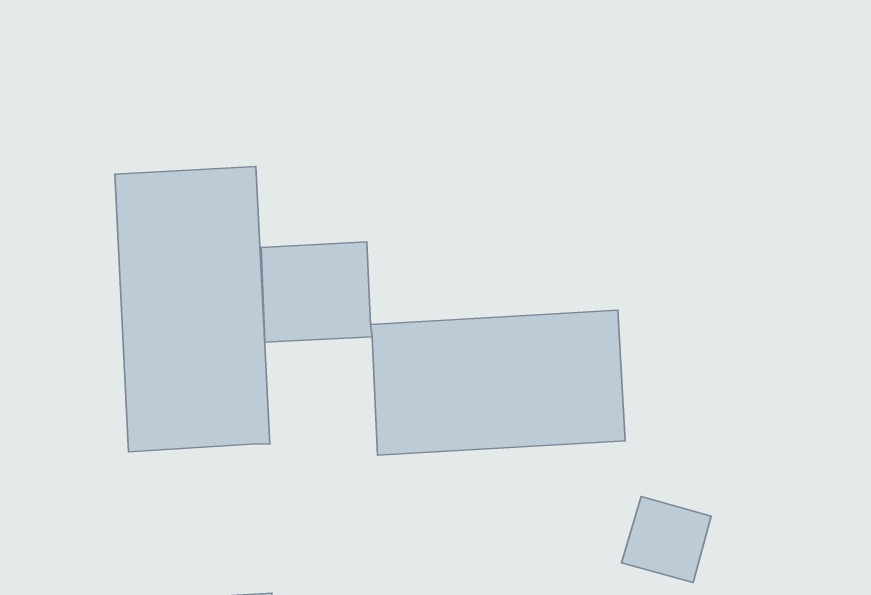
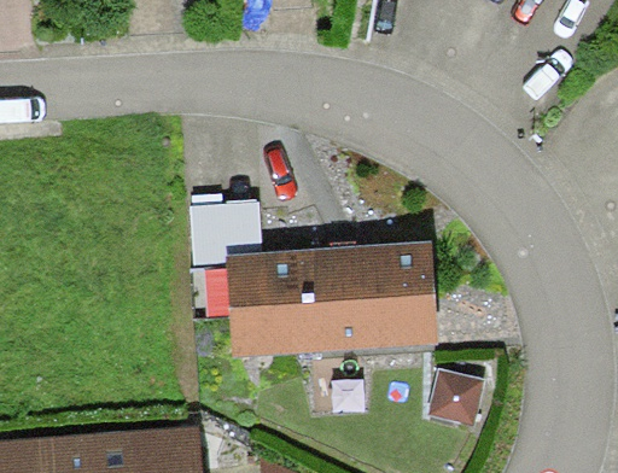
building: [115,167,270,452] -> none

